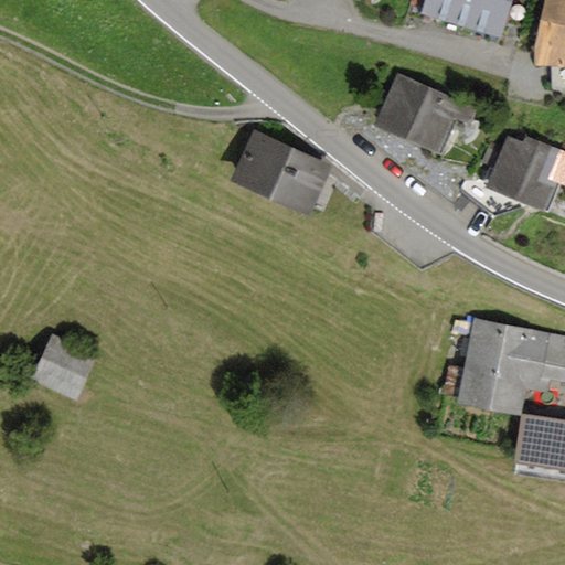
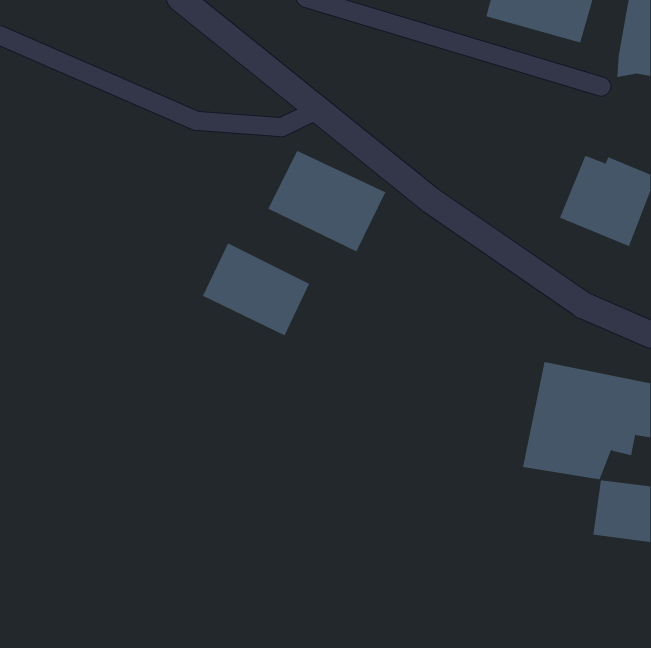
building: [376,73,480,152] -> none
building: none -> [202,242,310,336]
building: [31,331,97,397] -> none

